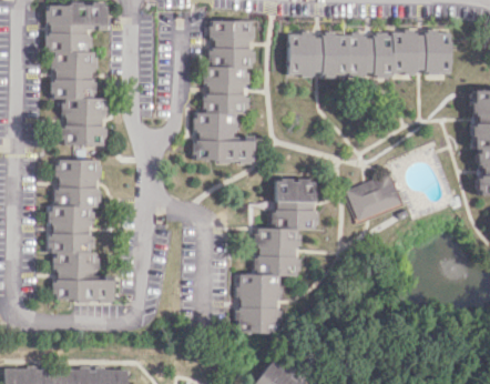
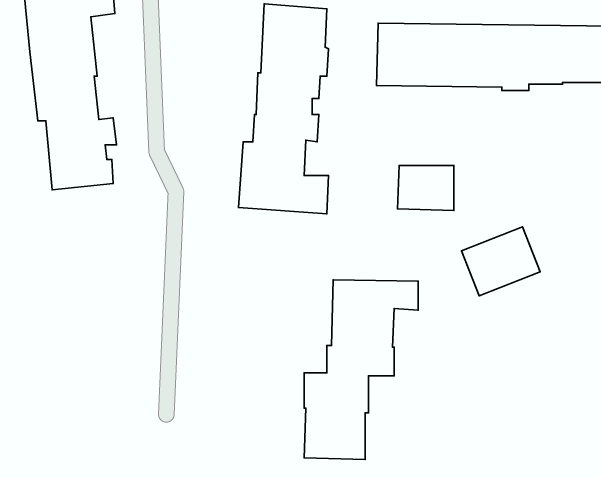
building: [51,160,113,301] -> none
building: [276,179,315,210] -> [398,166,454,210]

